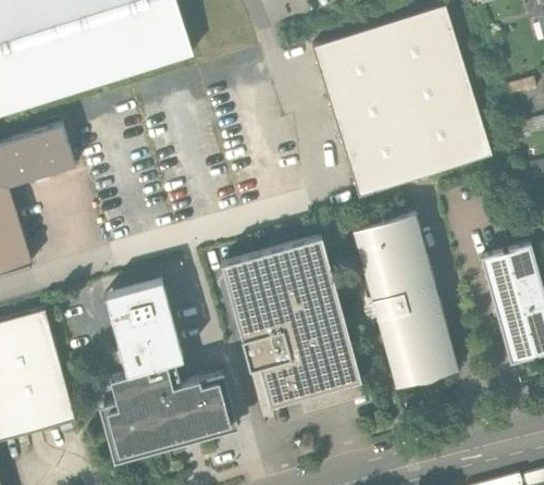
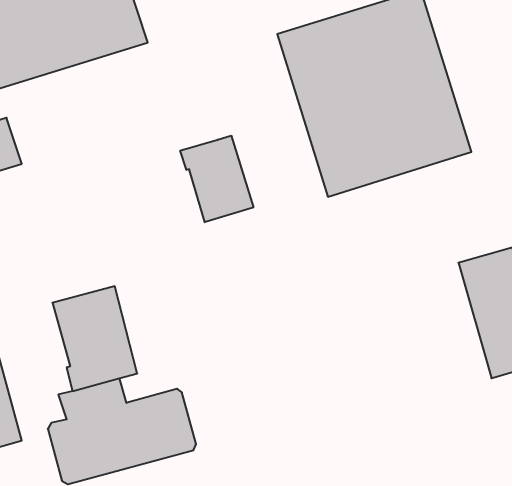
building: none -> [180,136,253,222]
building: [353,213,456,386] -> none
building: [220,235,366,418] -> none

